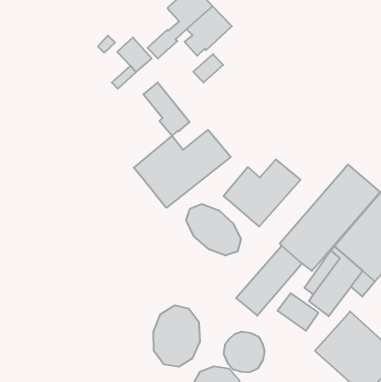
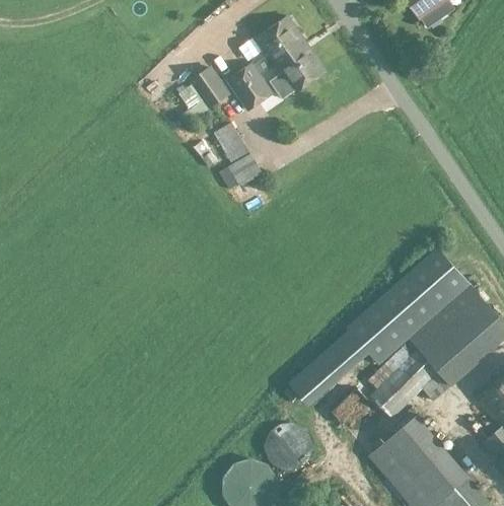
building: [193,54,223,83] -> [235,78,271,110]
building: [134,130,231,208] -> none
building: [224,159,300,226] -> none
building: [186,204,241,256] -> none
building: [154,305,200,367] -> none

